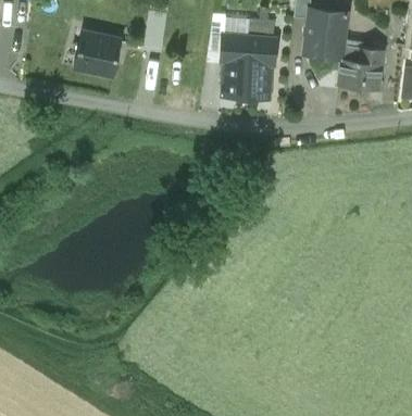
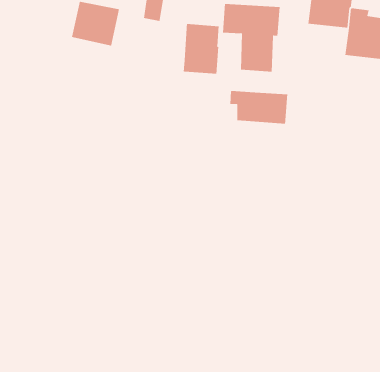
building: none -> [183,23,219,75]
building: none -> [230,90,288,124]

